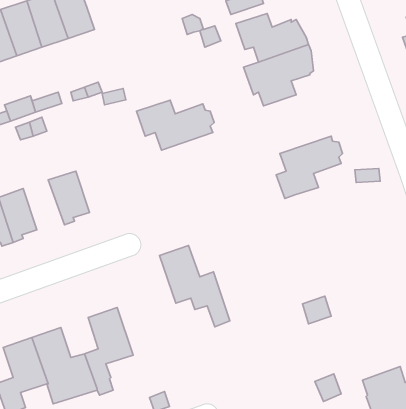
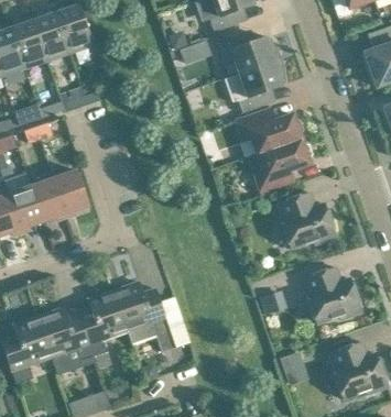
building: [136,100,214,150] -> [235,110,303,154]
building: none -> [31,177,67,221]
building: none -> [278,191,336,249]
building: [160,246,230,327] -> [113,281,175,352]
building: none -> [303,266,362,323]

